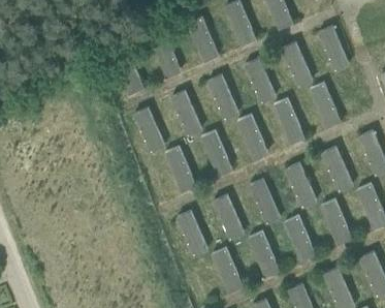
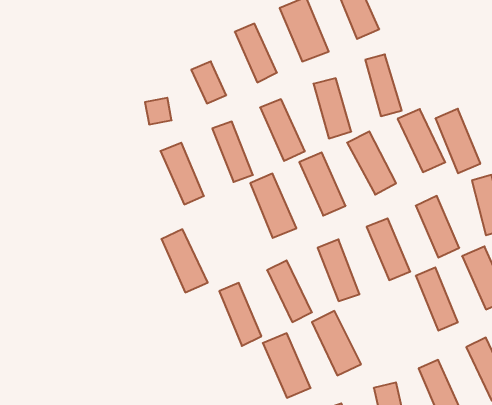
building: [317,25,350,72] -> [435,109,480,173]
building: [164,146,198,192] -> [161,229,208,292]
building: [283,215,316,261] -> none

